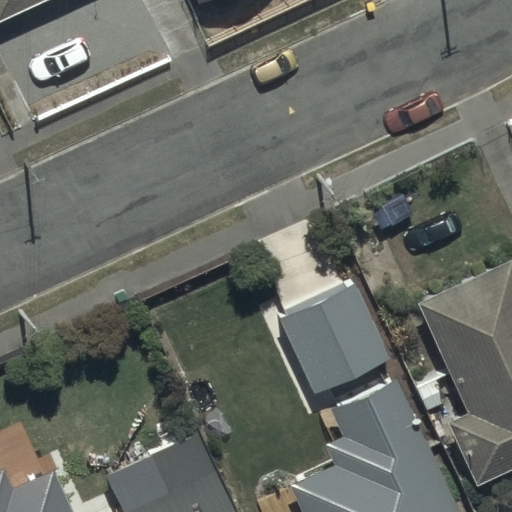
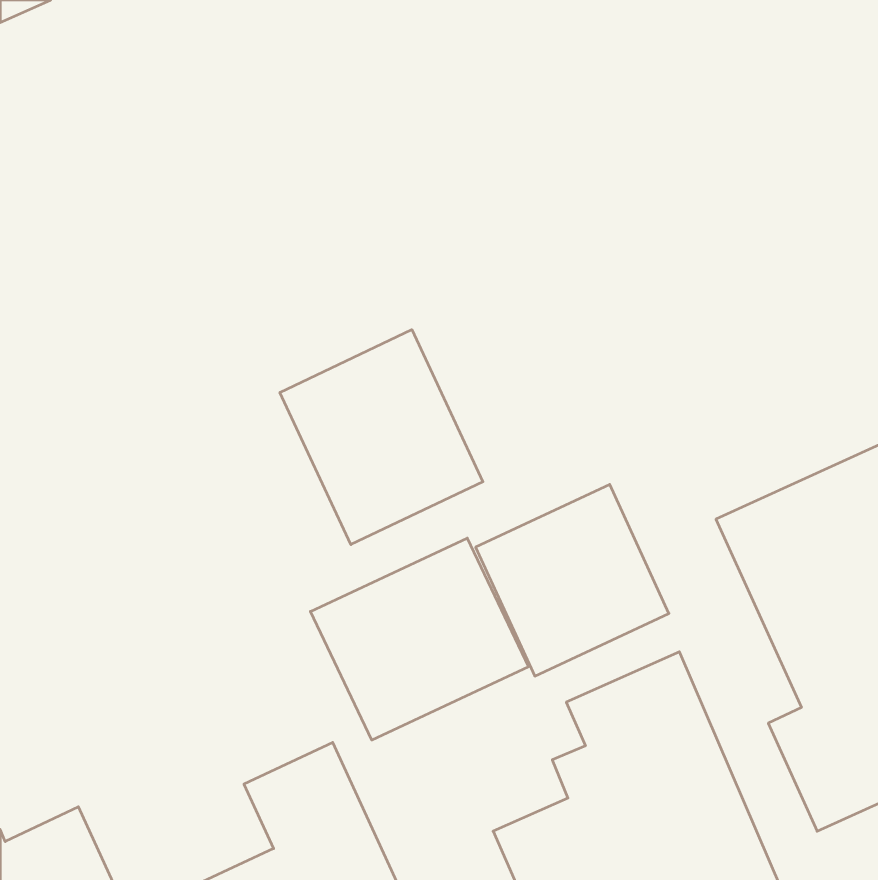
building: none -> [280,330,483,545]
building: none -> [310,538,529,740]

